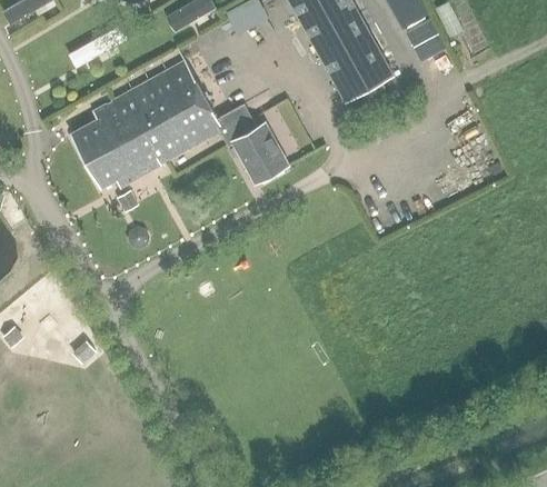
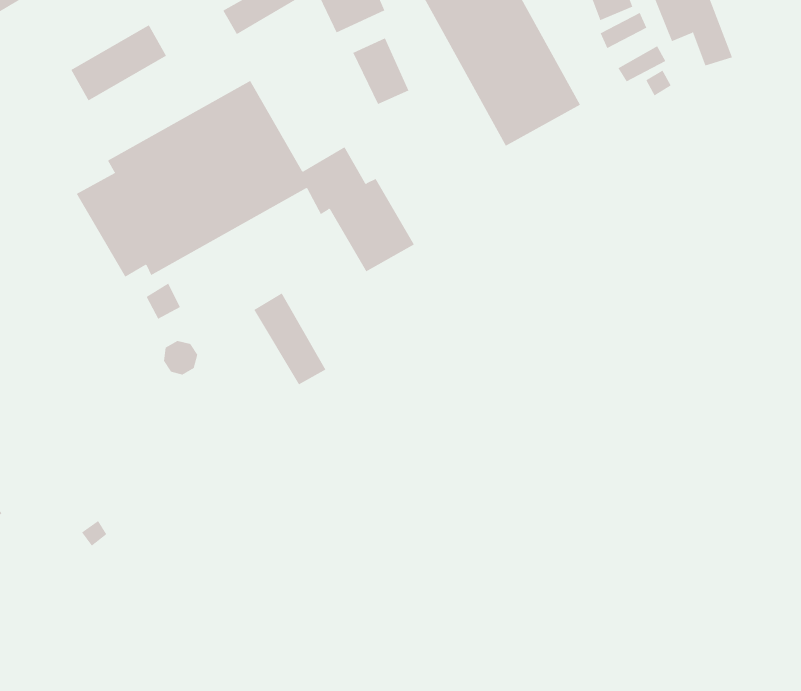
building: none -> [352,37,409,105]
building: none -> [253,293,326,385]

